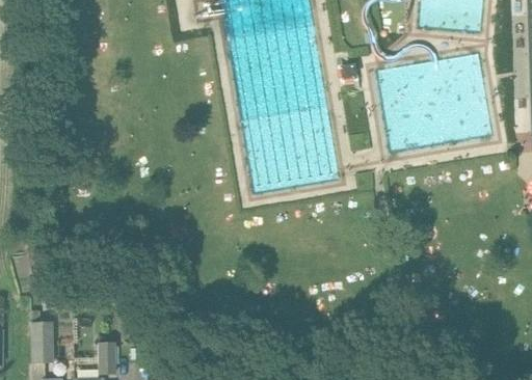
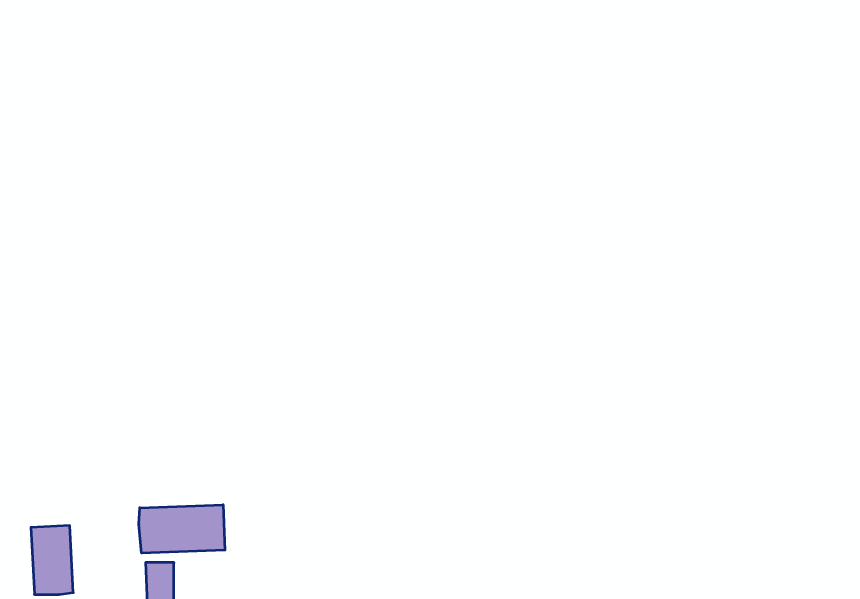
building: none -> [139,505,225,553]

